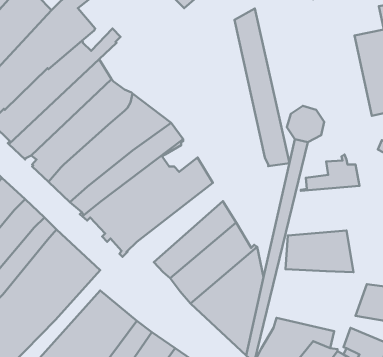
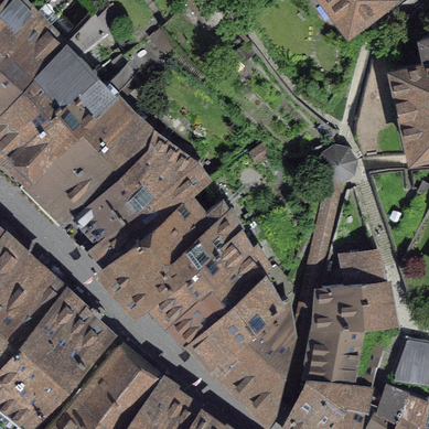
building: [235,9,289,166] -> none
building: [301,154,360,191] -> [320,249,384,289]
building: none -> [155,232,249,318]
building: none -> [308,325,374,393]

